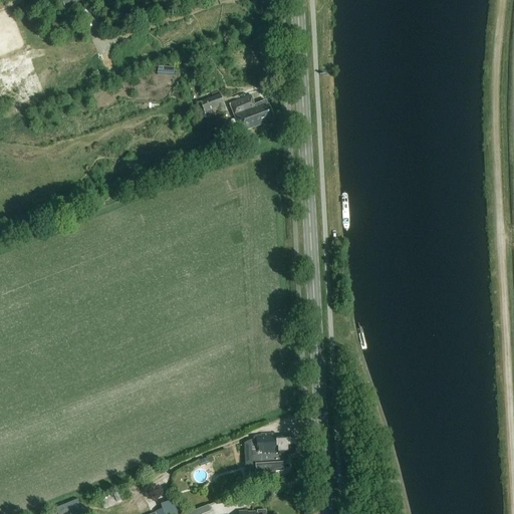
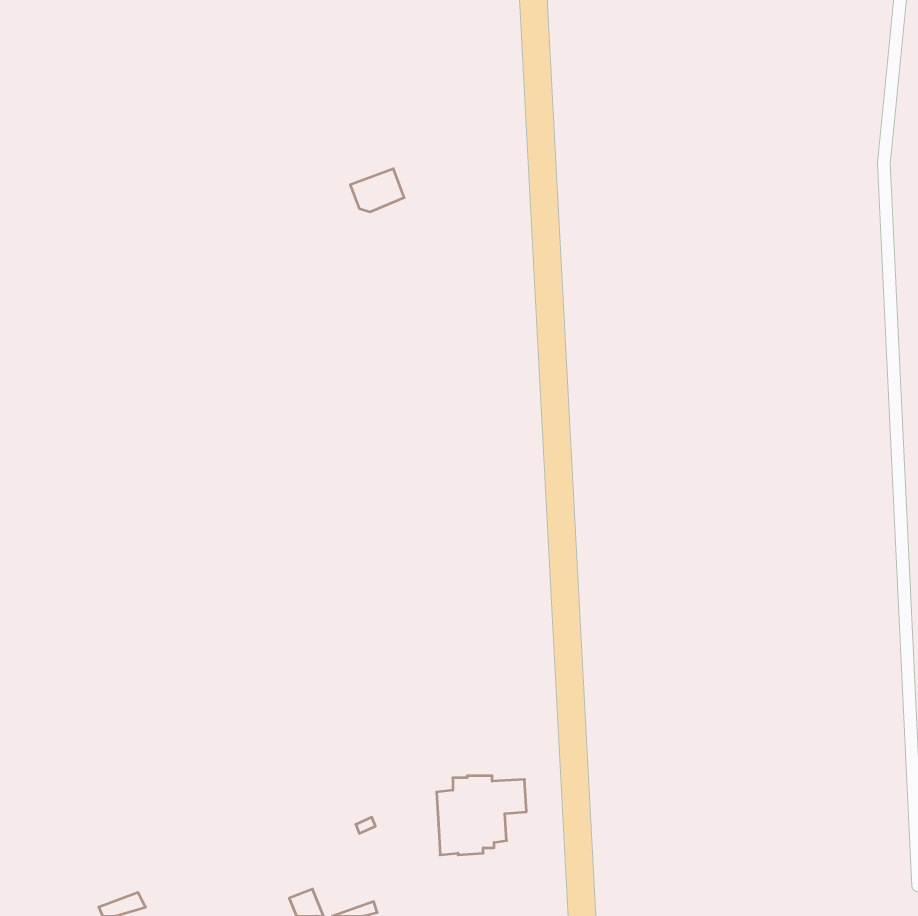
building: [231,96,273,132] -> none

